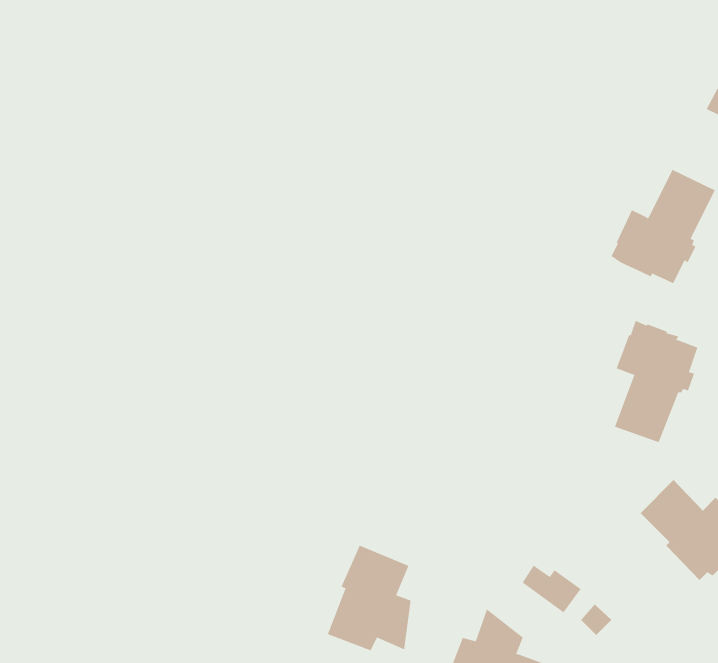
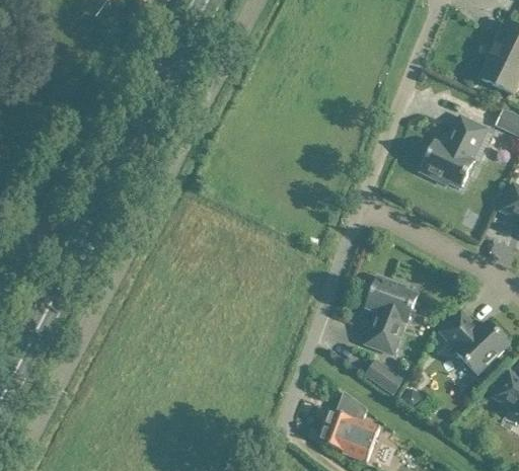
building: [614,320,698,443] -> [365,277,418,354]
building: [327,545,411,651] -> none

